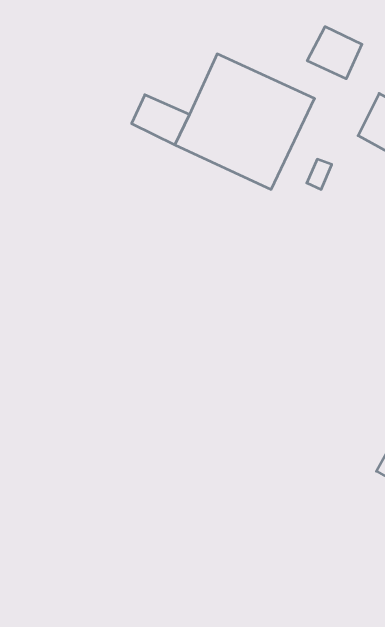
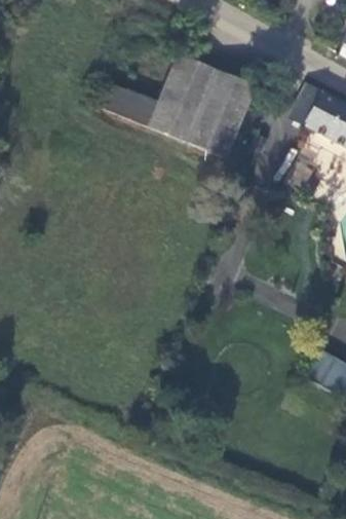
building: [307,27,362,79] -> none

